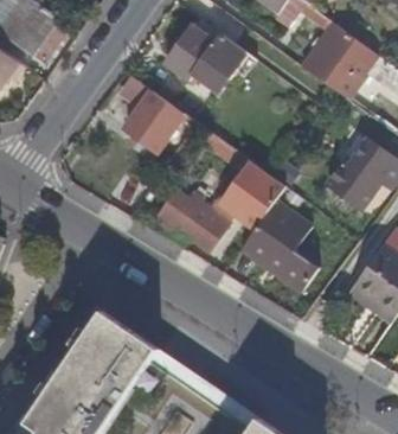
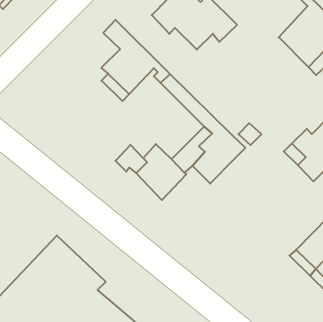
building: [239,199,320,293] -> none

